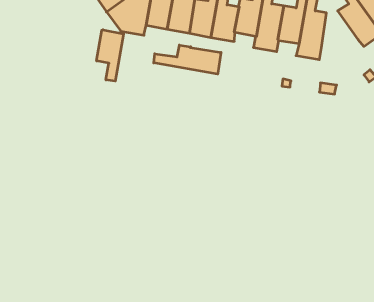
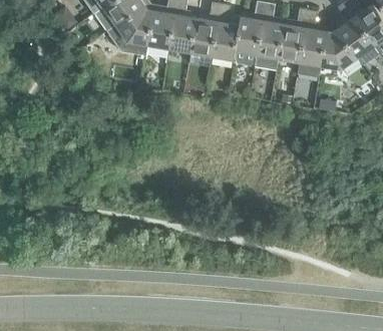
building: none -> [321,30,357,69]
building: [97,30,124,81] -> none
building: [154,45,221,74] -> none

